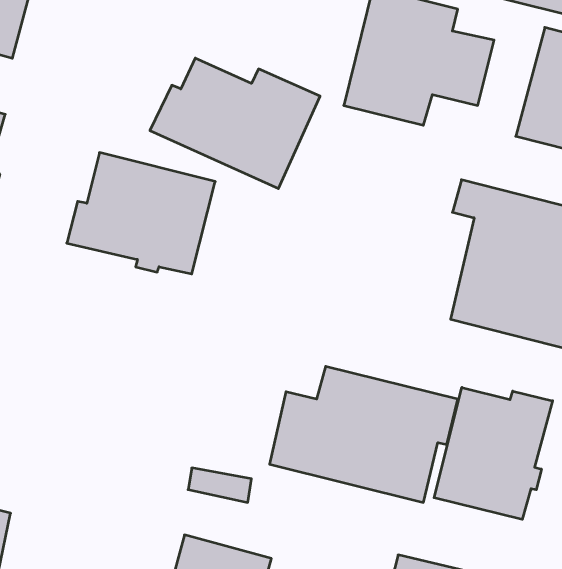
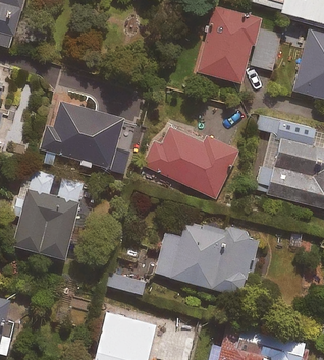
building: [150,58,320,189] -> [144,126,239,199]
building: none -> [13,172,84,258]
building: [434,387,553,519] -> none

